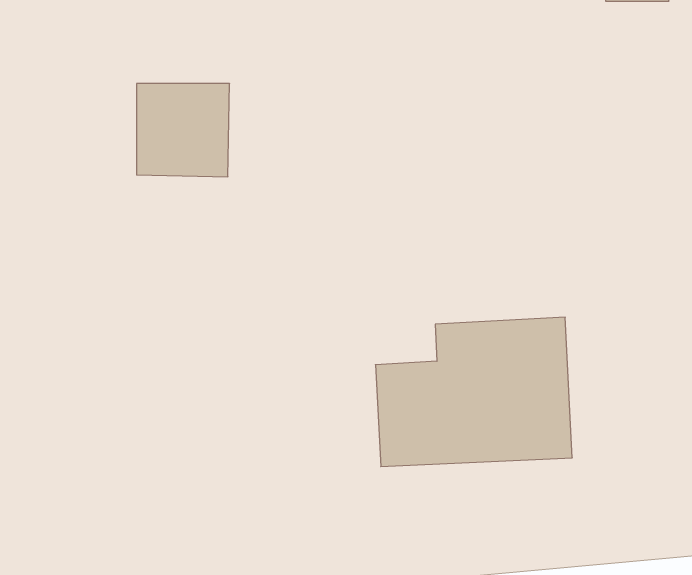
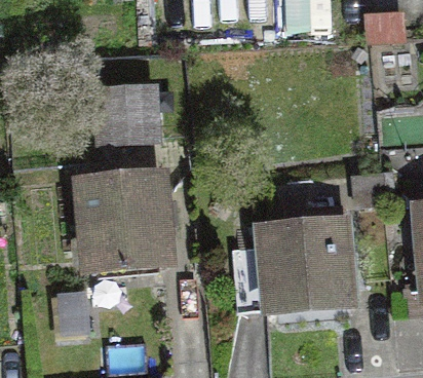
building: none -> [84,180,166,266]

